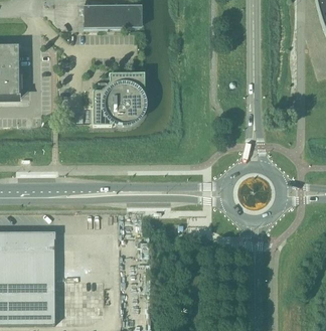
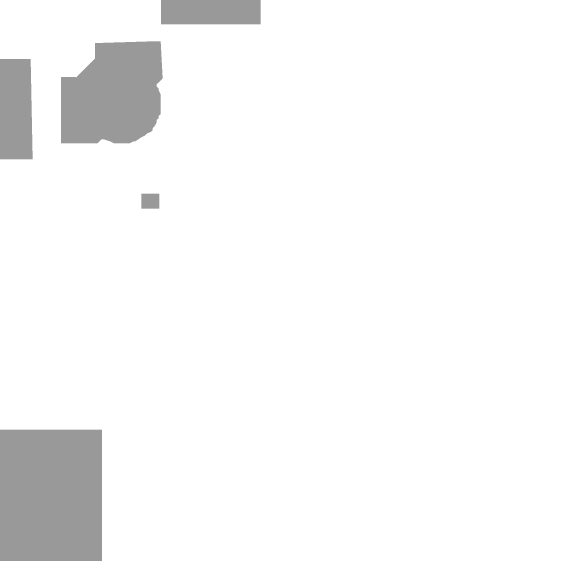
building: [92,72,144,125] -> [60,41,163,144]

